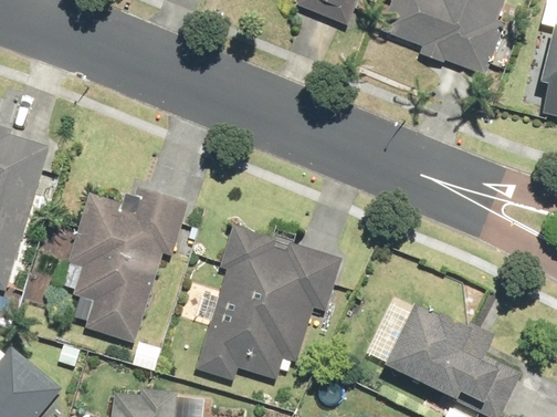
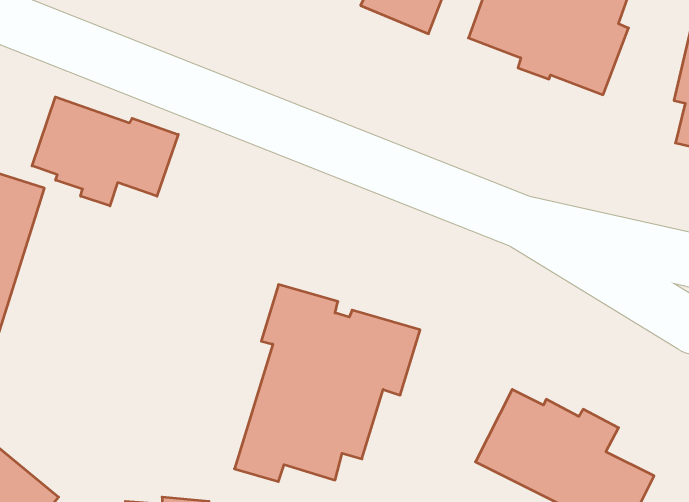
building: none -> [32,97,178,206]
building: [67,186,187,343] -> none

